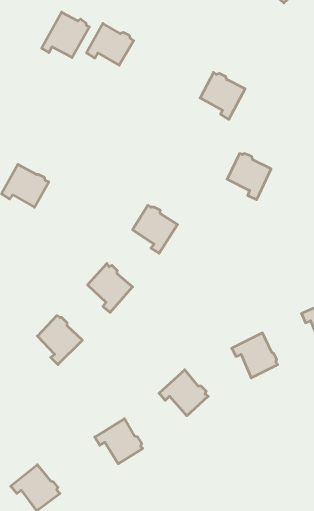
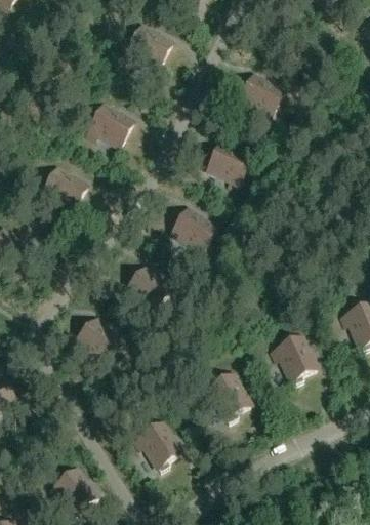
building: [42,12,89,58] -> none
building: none -> [84,104,131,146]
building: [227,154,271,200] -> [205,143,249,189]

